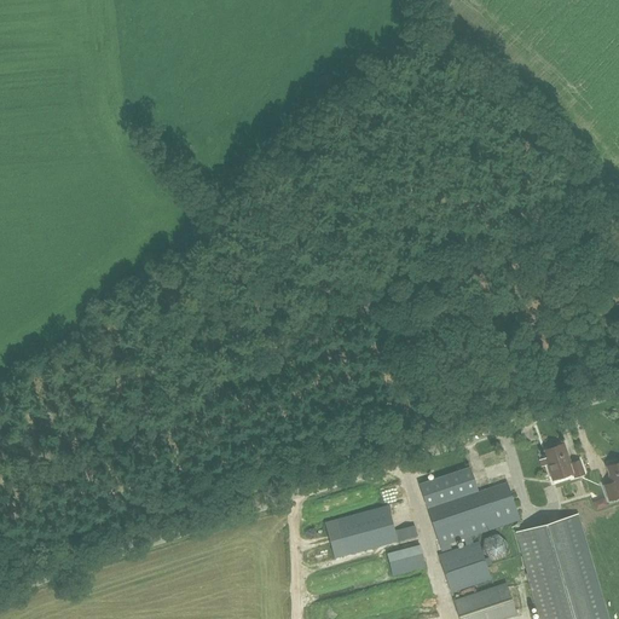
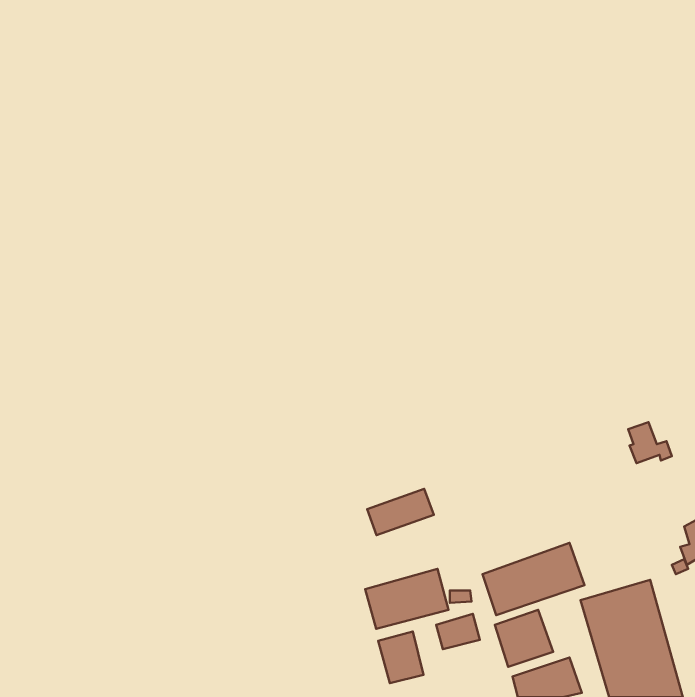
building: [546,444,585,480] -> [628,422,672,463]
building: [420,465,479,507] -> [367,489,434,535]
building: none -> [378,632,424,683]

